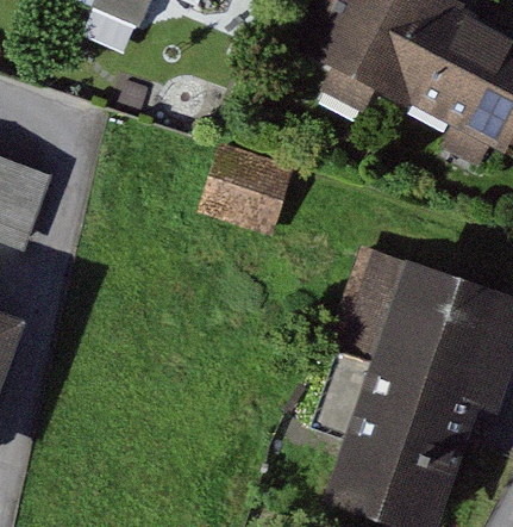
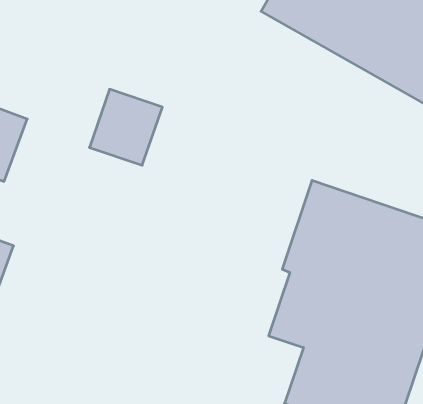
building: [196,144,279,230] -> [89,89,162,165]

